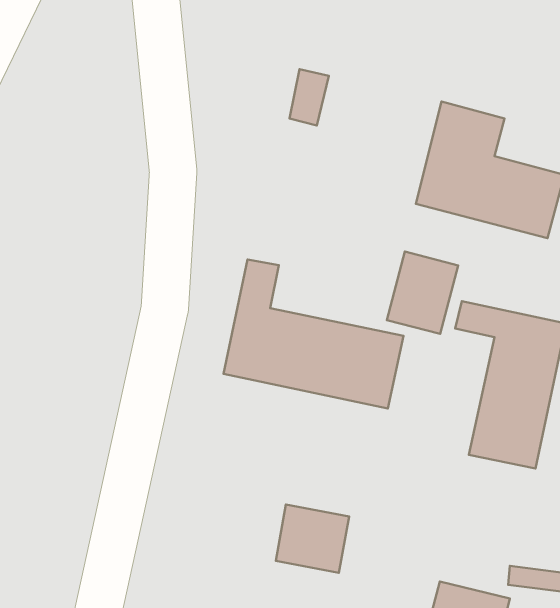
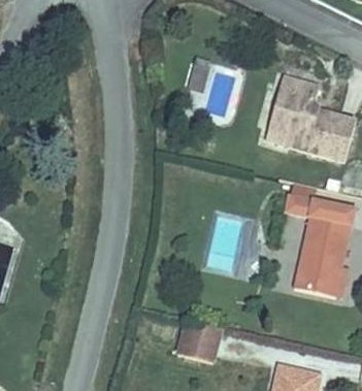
building: [387,252,458,334] -> none
building: [224,260,404,408] -> none

